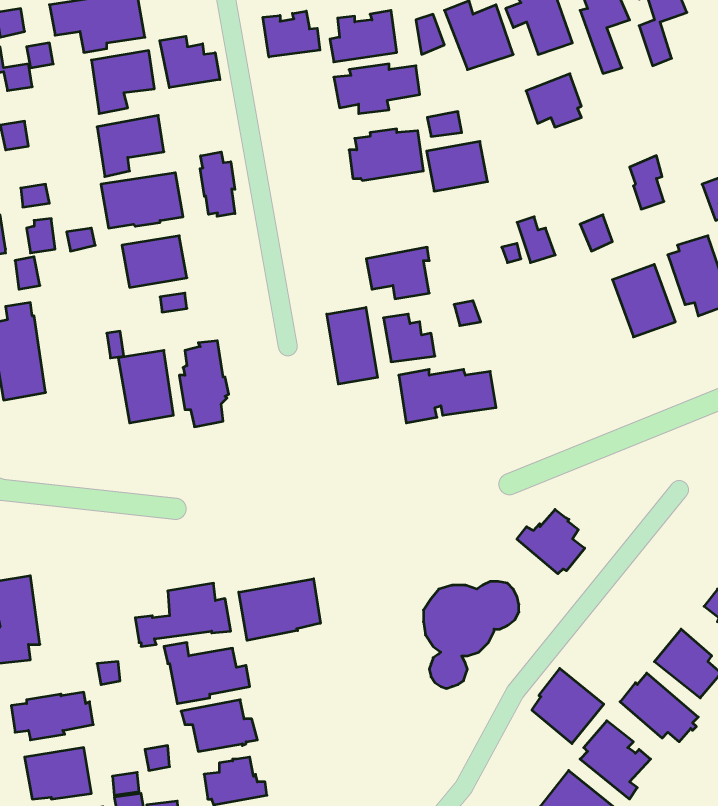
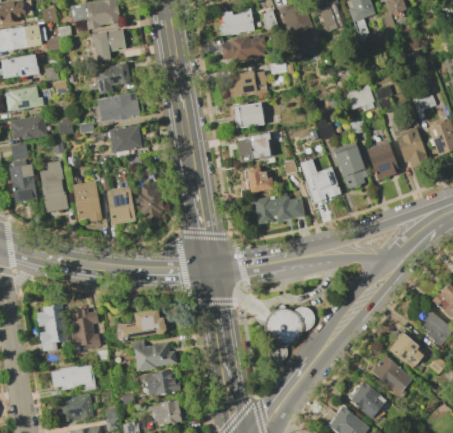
building: [263,11,320,57] -> none
building: [160,36,220,88] -> none
building: [526,74,581,127] -> [345,84,374,112]
building: [427,141,488,191] -> [232,102,264,128]
building: [200,152,235,216] -> none
building: none -> [333,141,368,188]
building: none -> [299,159,341,203]
building: [327,307,378,384] -> none
building: none -> [73,181,103,222]
building: [517,509,585,574] -> none
building: [239,579,320,640] -> none
building: none -> [70,307,101,349]
building: [532,668,604,744] -> none

